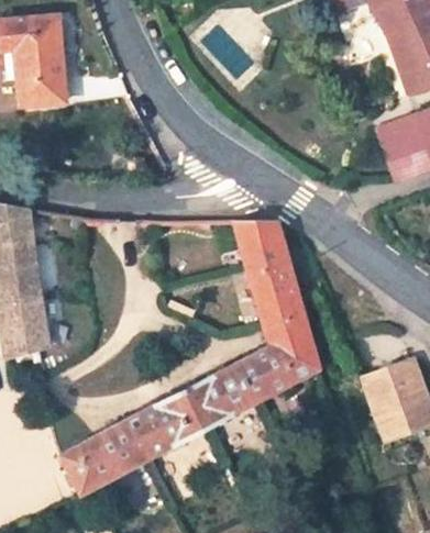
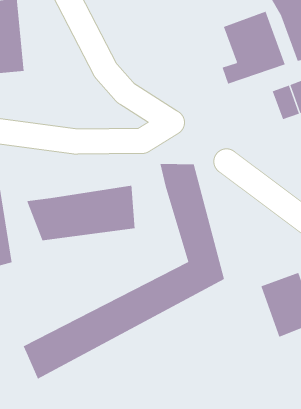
building: none -> [222,11,286,85]
building: none -> [27,185,135,241]

